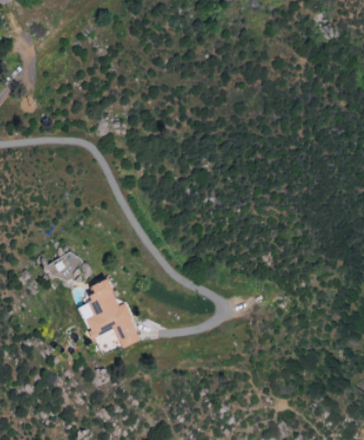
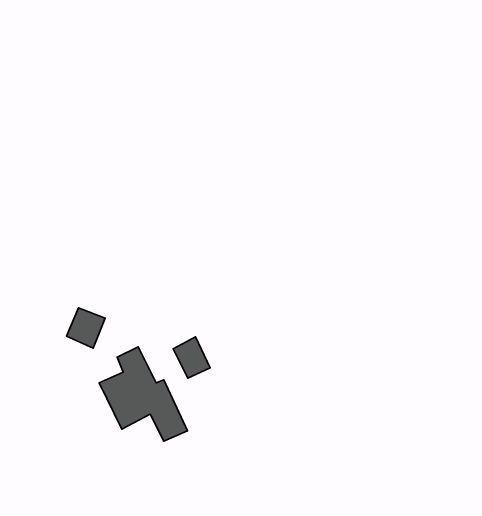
building: none -> [173,337,210,378]

